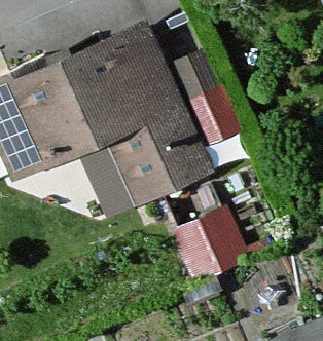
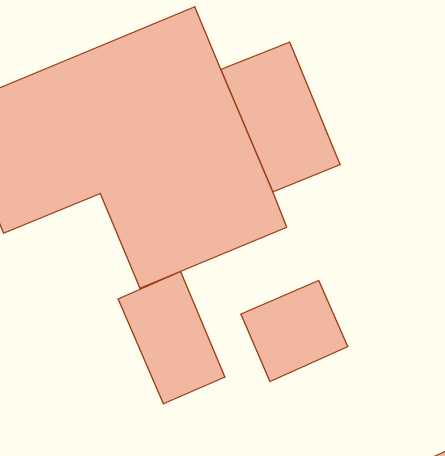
building: none -> [118,271,225,404]

